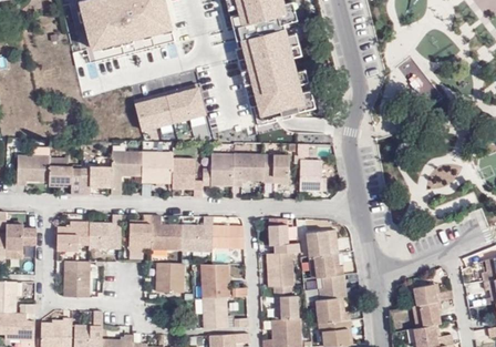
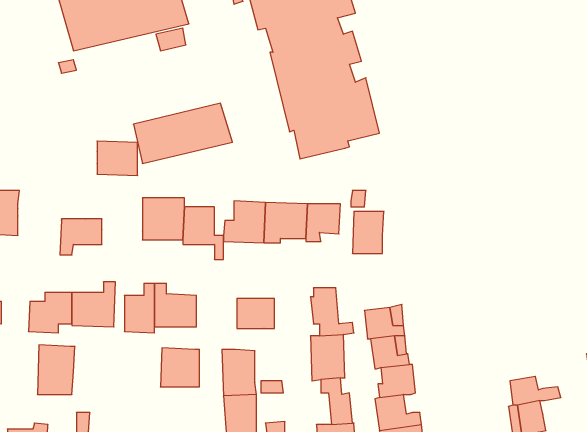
building: [112,152,142,177] -> [97,141,138,176]
building: [50,166,82,195] -> none
building: [182,217,213,252] -> none

